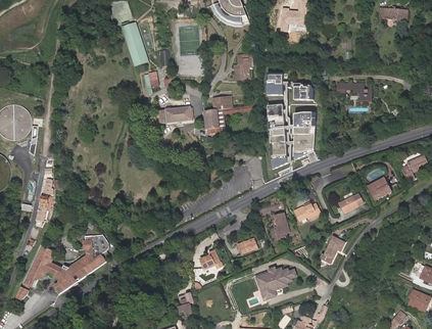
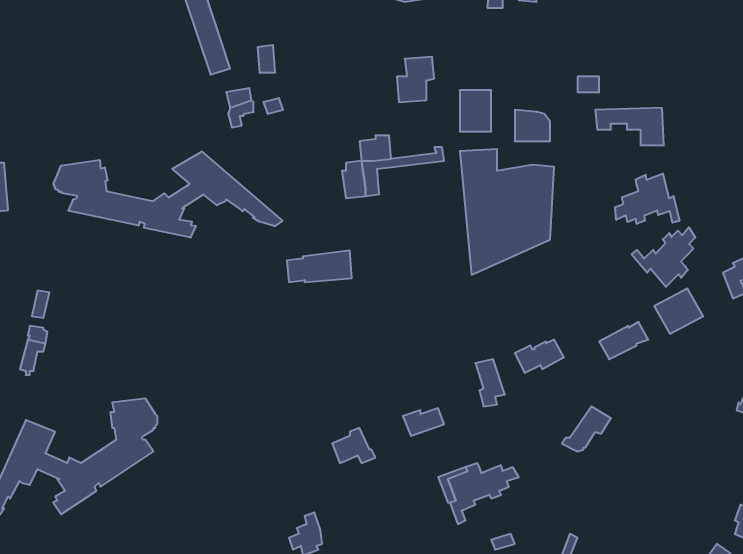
building: none -> [53,151,282,238]
building: [156,106,190,123] -> [287,251,352,282]
building: none -> [615,173,679,224]
building: none -> [632,227,695,287]

